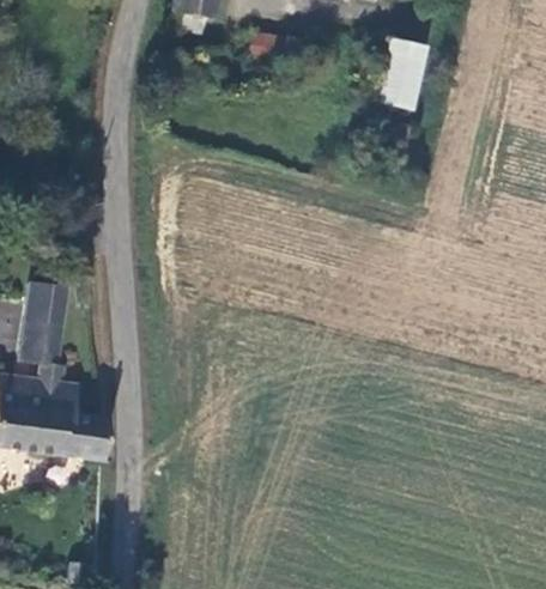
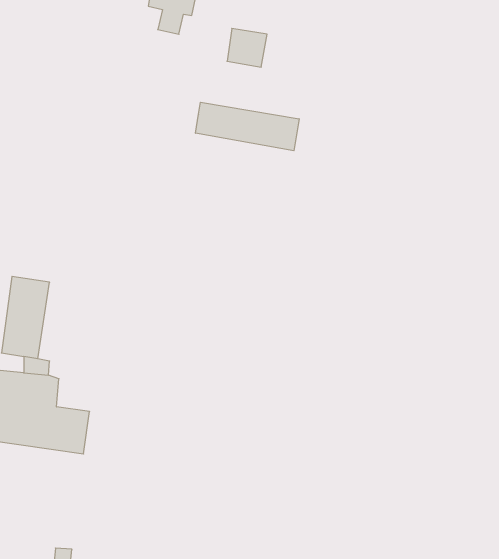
building: [368,32,426,107] -> none
building: none -> [196,102,299,151]

